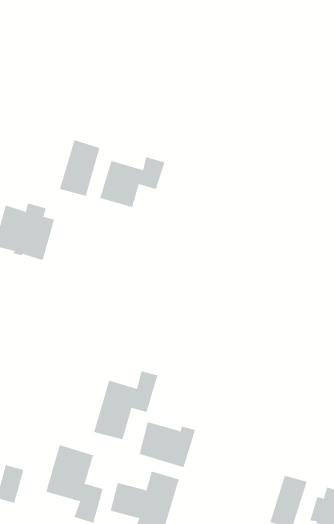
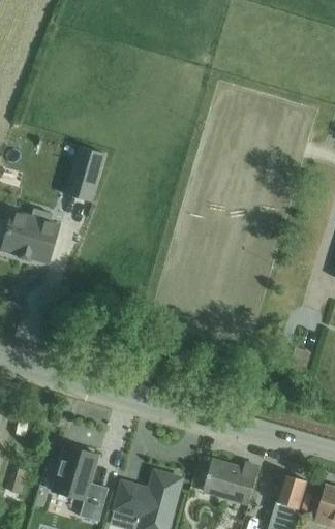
building: [100,156,165,208] -> none
building: [94,370,158,440] -> none
building: [139,421,196,468] -> [203,458,258,503]

